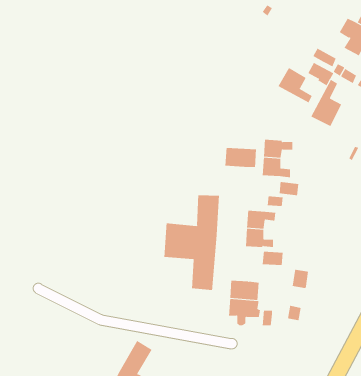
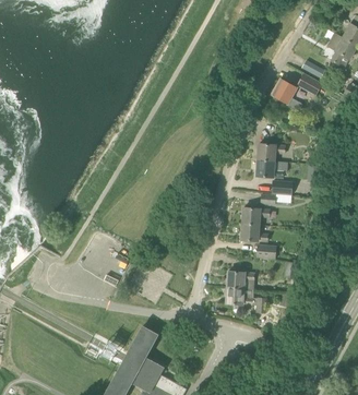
building: [311,79,342,127] -> none
building: [225,147,257,168] -> none
building: [164,194,219,291] -> none

